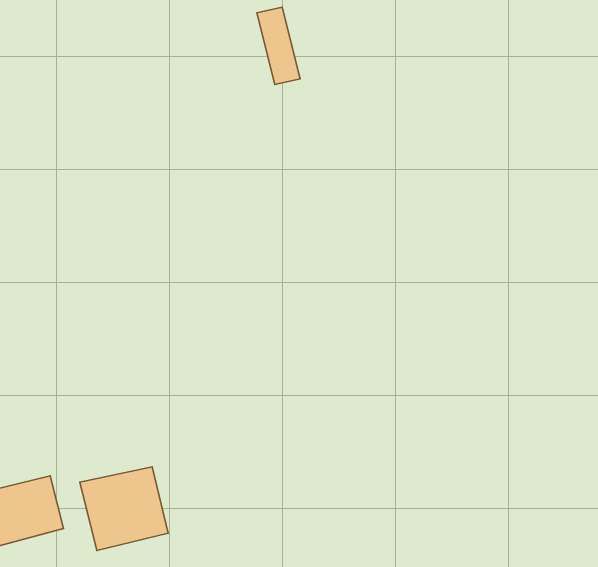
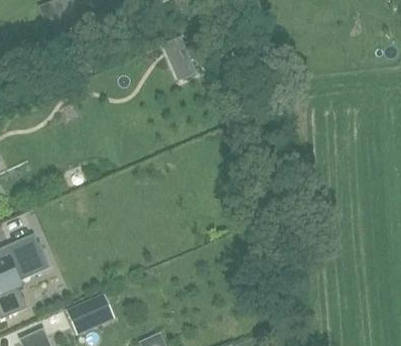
building: [80,467,168,550] -> none

